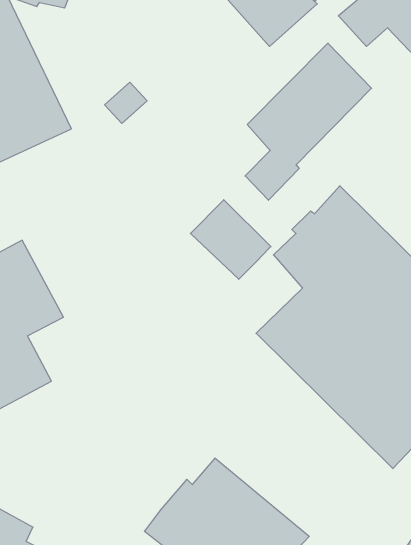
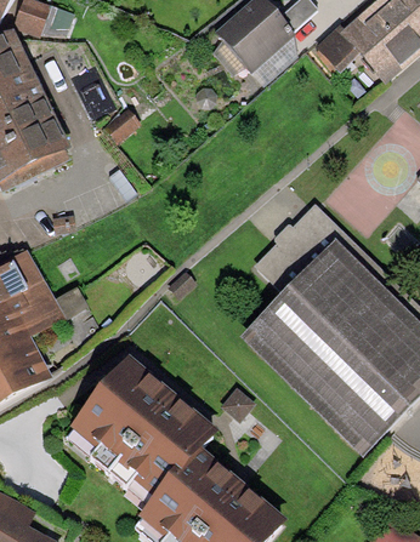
building: [245,43,372,200] -> none
building: [190,200,271,279] -> none
building: none -> [69,355,218,496]

